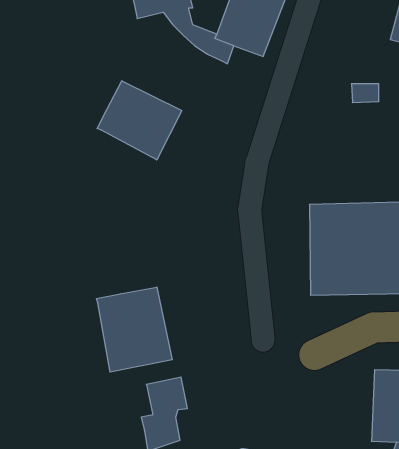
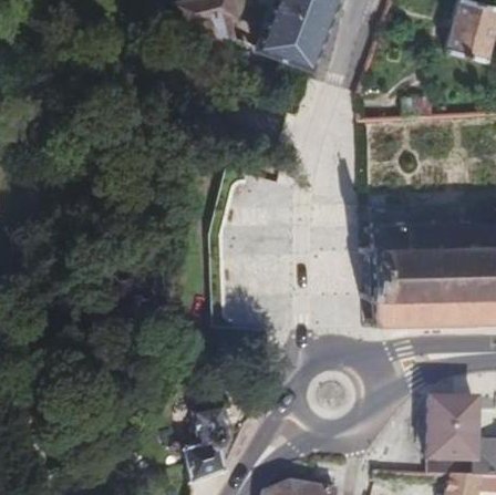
building: [97,81,182,160] -> none
building: [97,287,172,372] -> none

